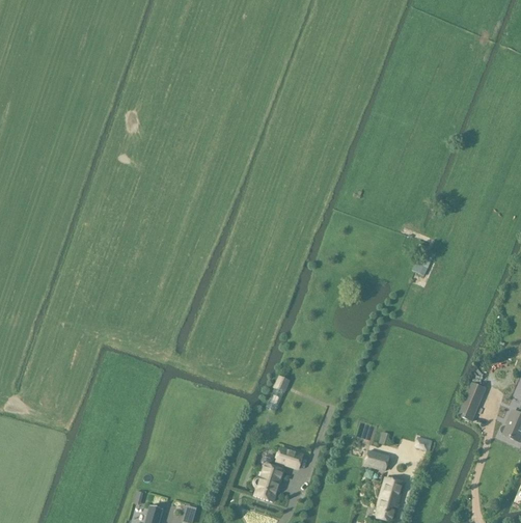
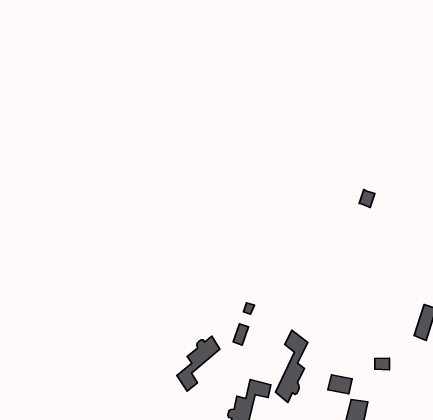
building: none -> [177,336,220,391]
building: none -> [275,330,308,403]

